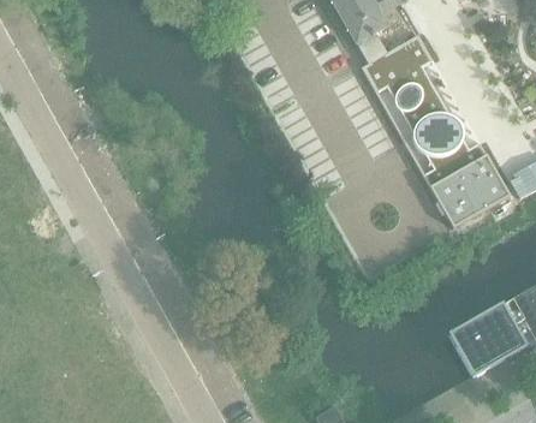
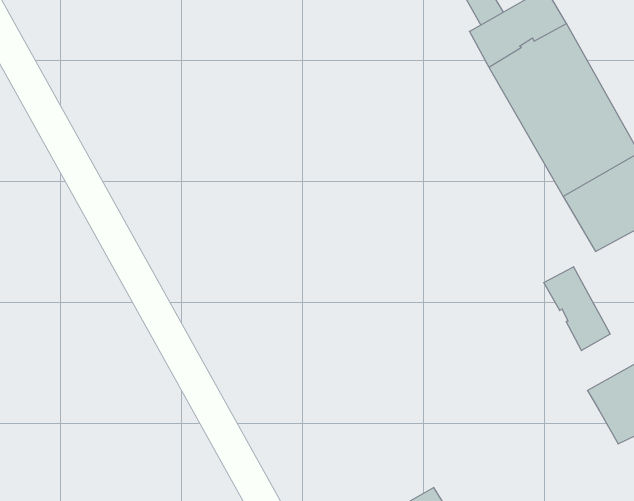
building: none -> [544,267,610,351]

